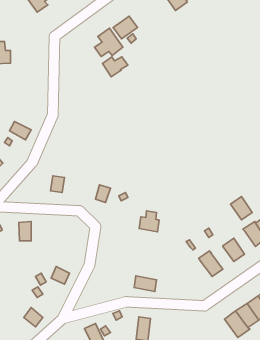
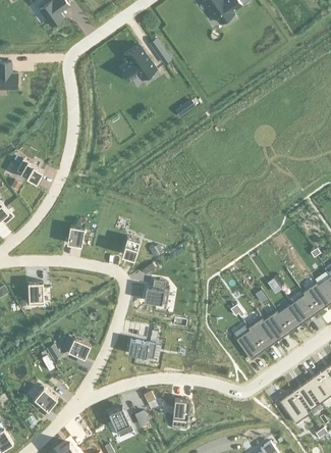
building: [113,16,138,39] -> none
building: [103,57,128,77] -> none
building: [231,197,252,220] -> [289,293,316,321]
building: [139,211,159,232] -> [143,279,167,304]
building: none -> [261,309,289,340]
building: none -> [234,329,263,359]
building: [134,276,157,292] -> [126,339,154,358]

